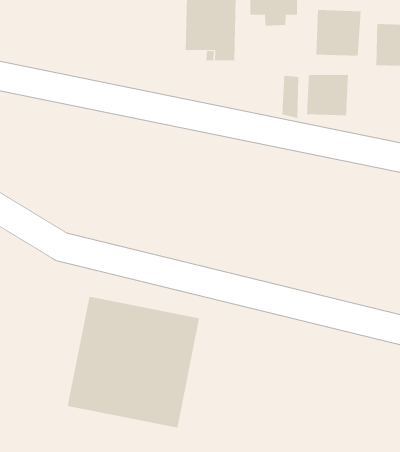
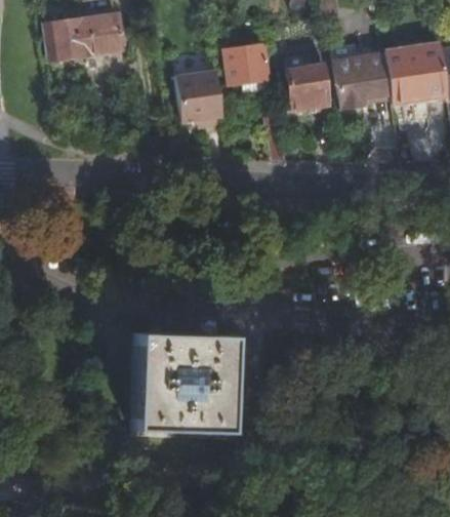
building: [306,74,348,116] -> none

